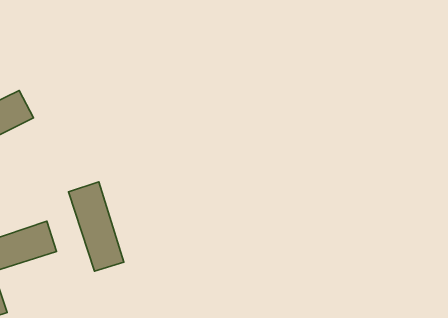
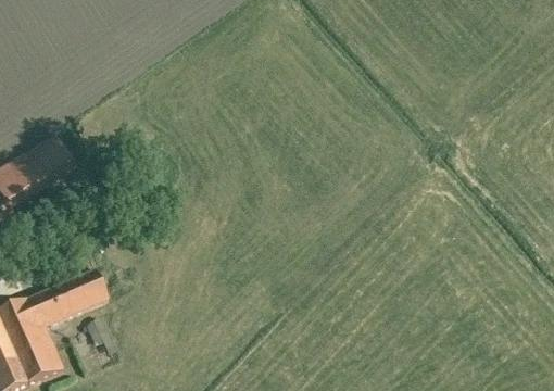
building: [68,182,124,271] -> none

